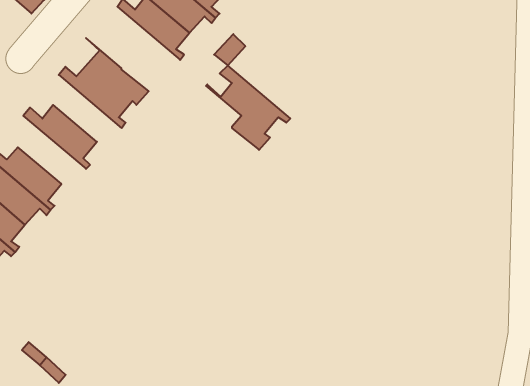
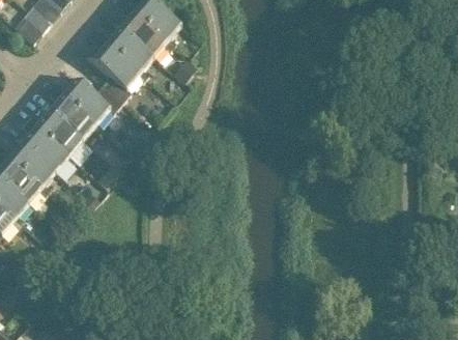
building: [206,65,290,150] -> [81,37,145,102]
building: none -> [48,89,101,140]
building: none -> [21,120,74,172]

